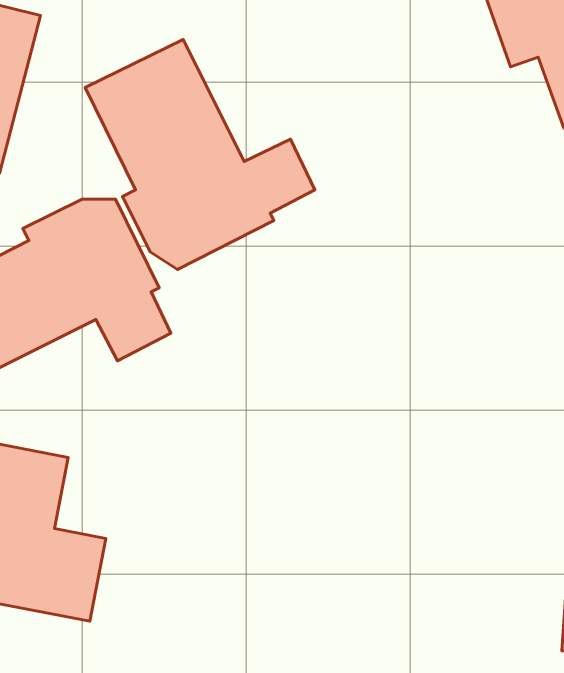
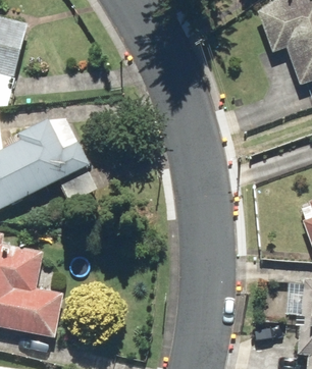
building: [85,39,315,270] -> none

